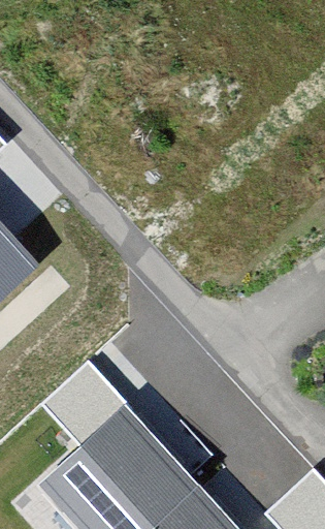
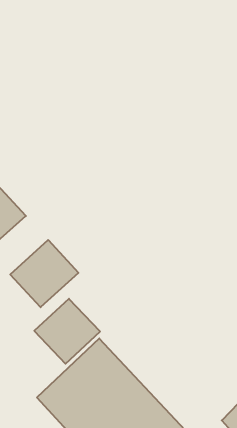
building: none -> [10,240,78,307]

